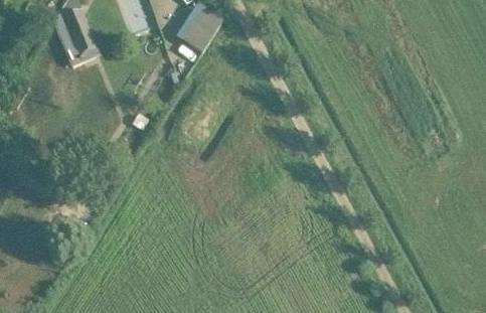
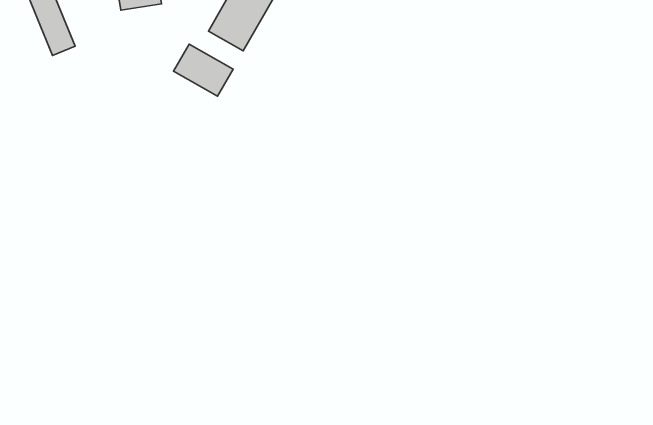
building: none -> [174,44,233,96]

